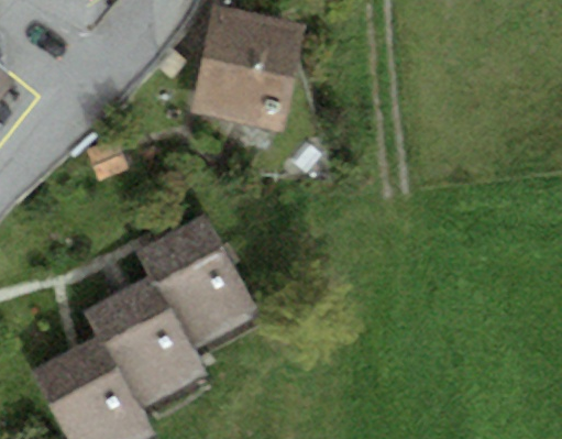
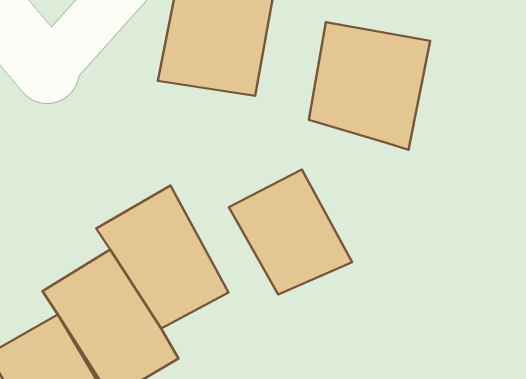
building: none -> [309,22,430,150]
building: none -> [229,170,352,294]

